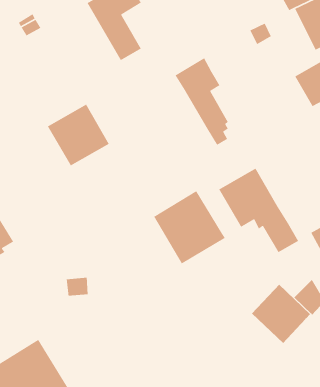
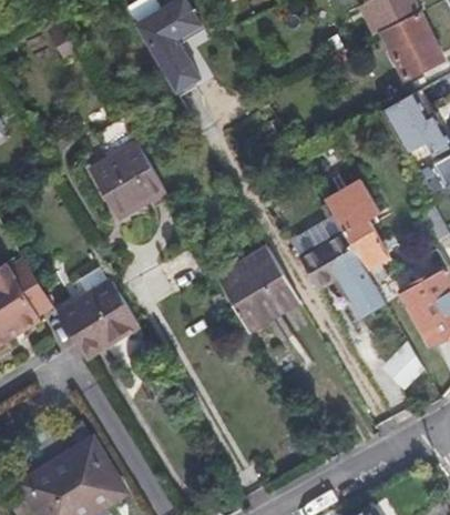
building: [174,57,229,146] -> [325,180,389,284]
building: none -> [55,281,139,361]
building: [251,284,311,344] -> none

